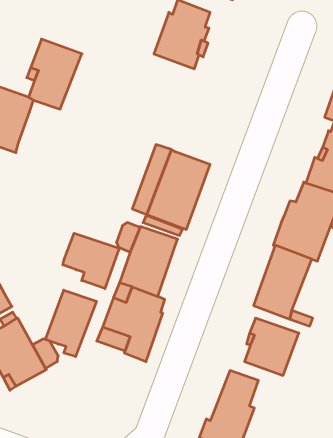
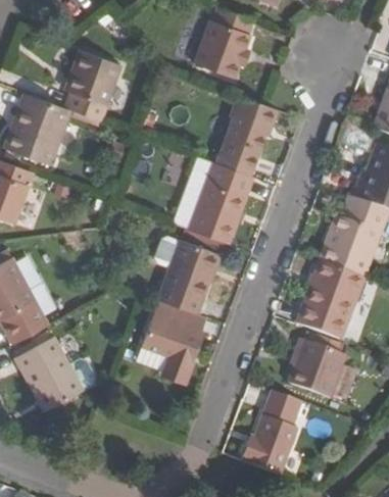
building: none -> [216,96,278,177]
building: [63,233,119,289] -> none
building: [46,290,96,357] -> none

